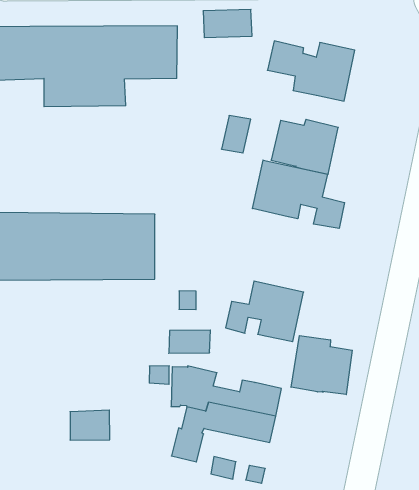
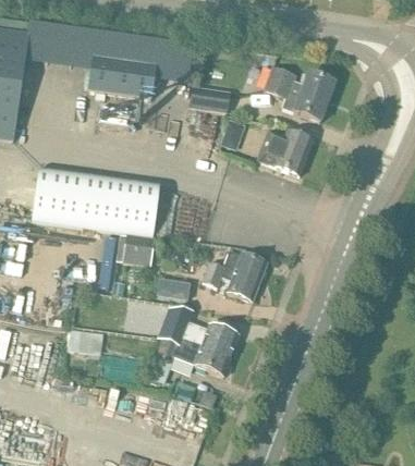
building: [203,9,252,38] -> [190,87,229,112]
building: [252,160,345,228] -> none
building: none -> [115,234,155,267]
building: [291,336,352,395] -> none

